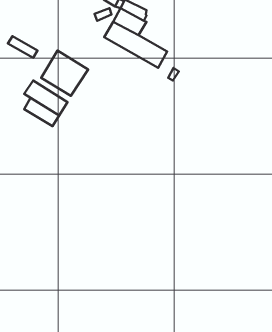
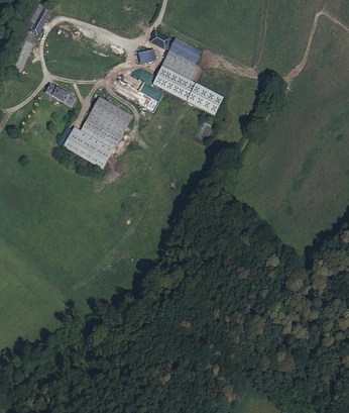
building: [24,98,59,126] -> none

